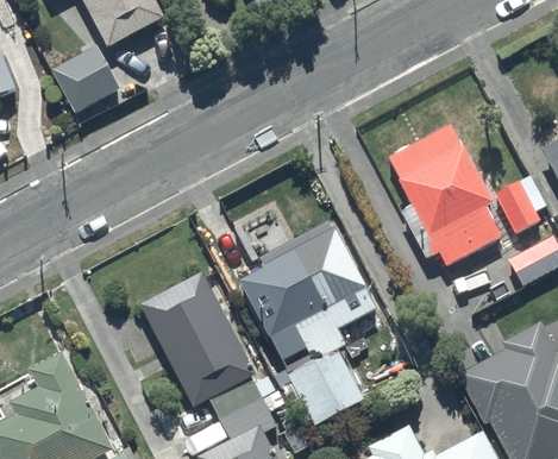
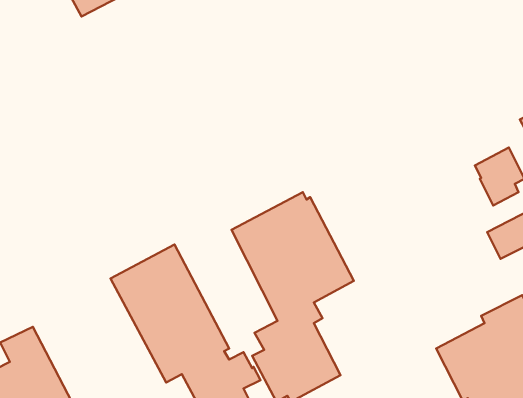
building: [52,45,121,113] -> none
building: [389,124,502,268] -> none

